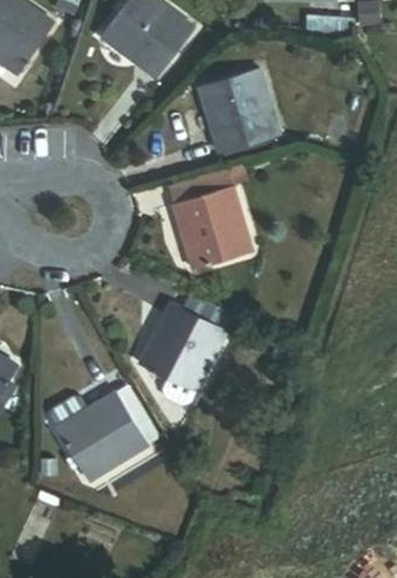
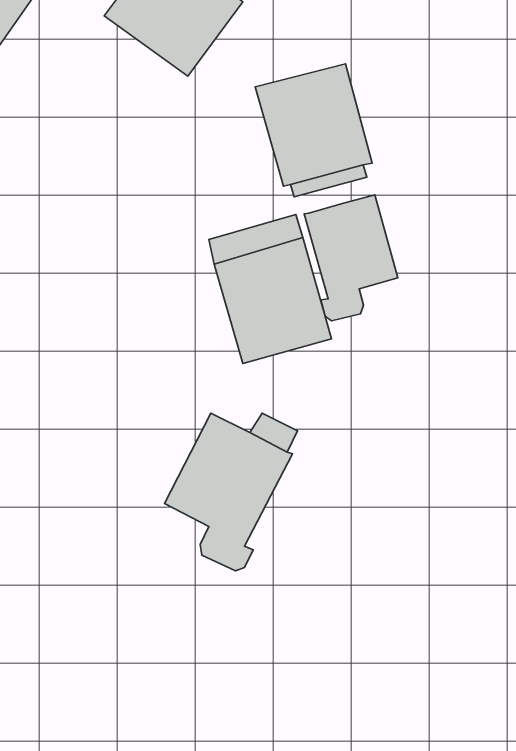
building: none -> [304,195,398,321]
building: [59,390,151,479] -> none

